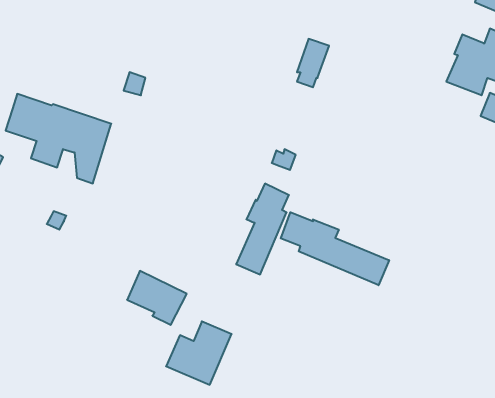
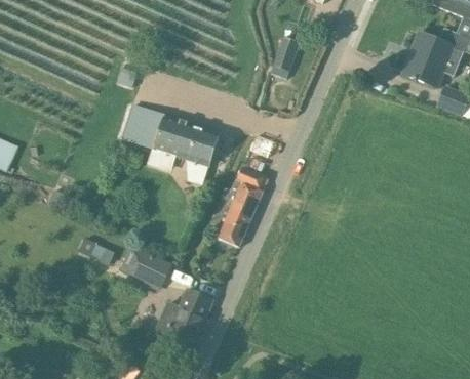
building: [6,94,111,183] -> [123,106,218,185]
building: [281,212,389,285] -> none
building: none -> [79,236,116,264]

